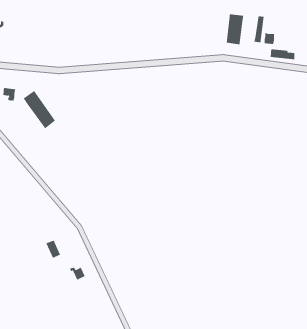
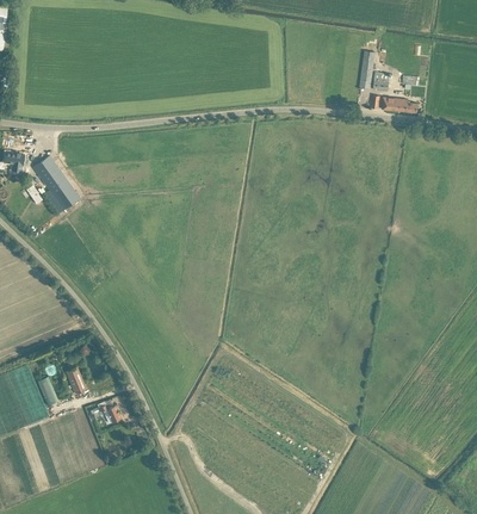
building: [226,13,244,45] -> none

